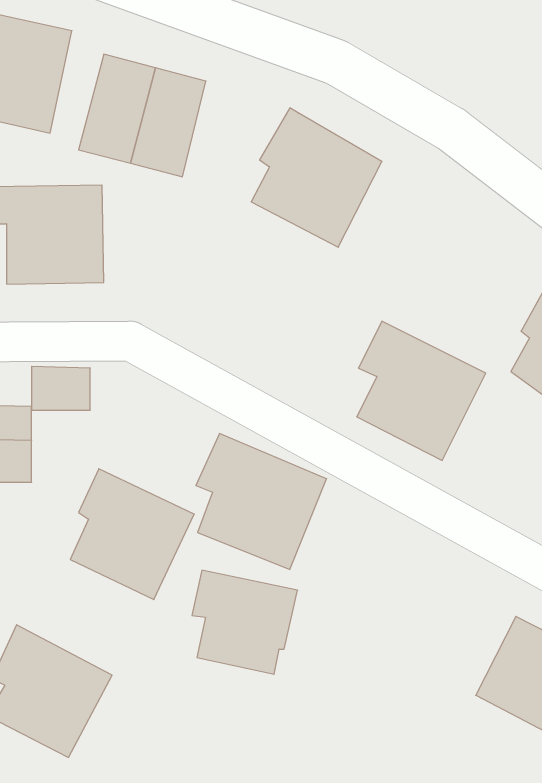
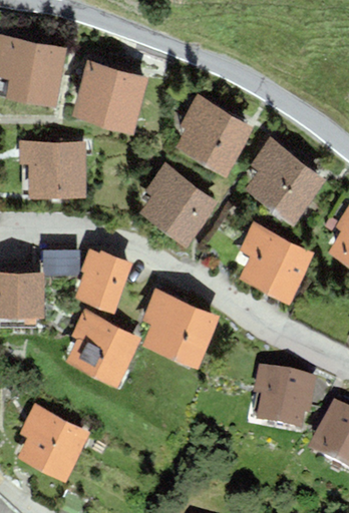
building: none -> [245,137,325,226]
building: none -> [139,163,218,248]
building: none -> [74,249,134,315]
building: [192,570,298,674] -> [253,364,316,426]

